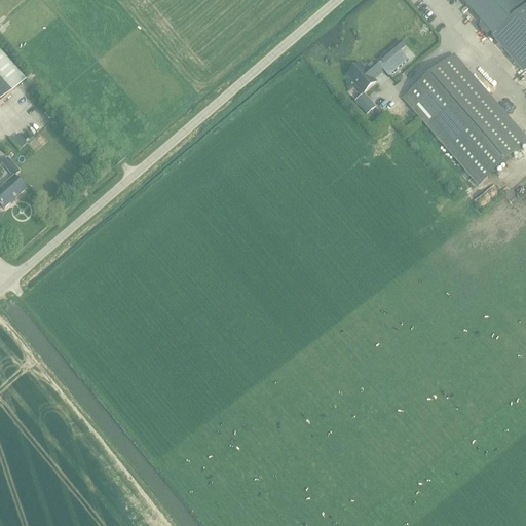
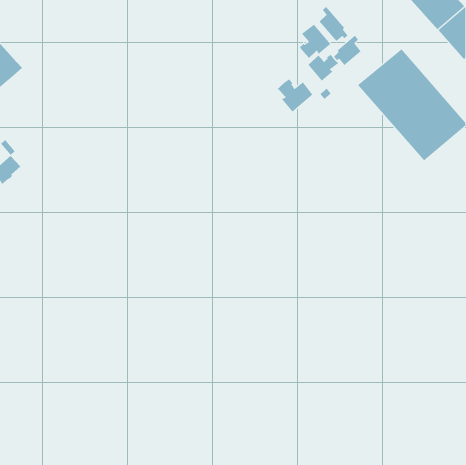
building: none -> [319,6,348,42]
building: none -> [299,24,331,59]
building: none -> [277,79,313,112]

